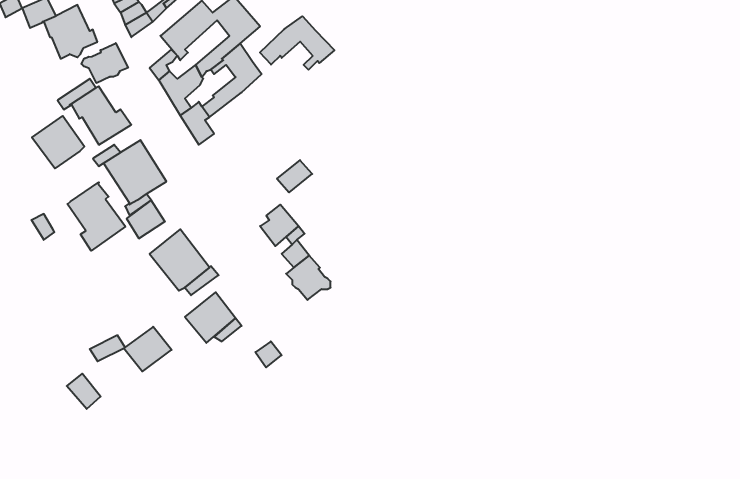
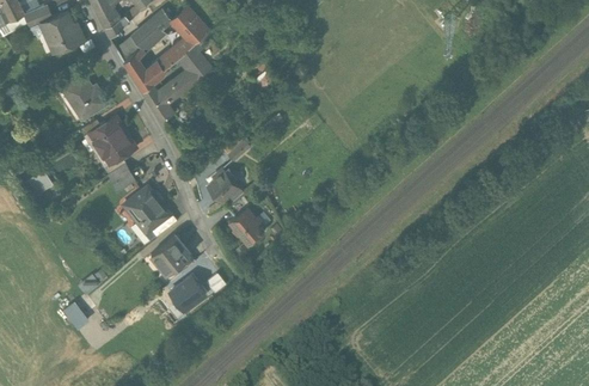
building: [260,16,334,70] -> none
building: [81,43,128,83] -> none
building: [32,116,84,168] -> none
building: [67,182,125,251] -> none
building: [124,327,172,371] -> [168,276,205,311]

